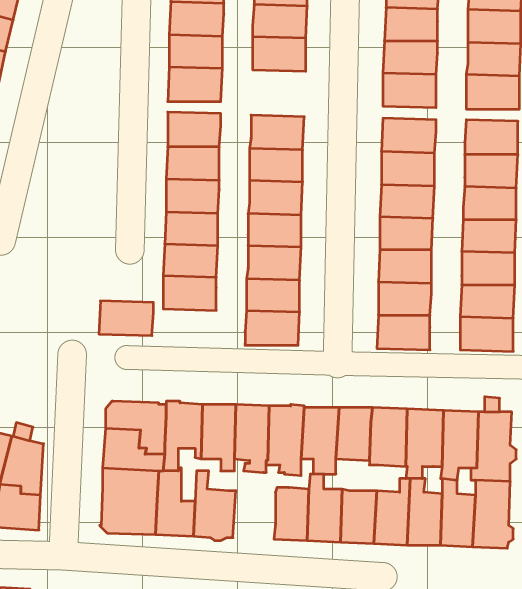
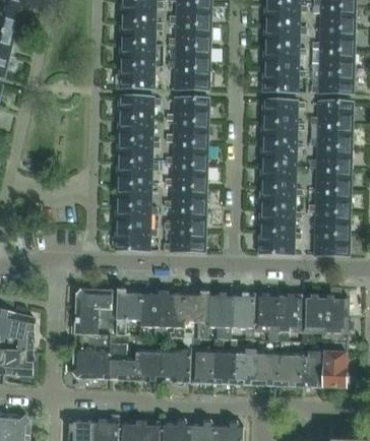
building: none -> [174,67,210,90]
building: [99,301,153,336] -> [114,228,150,251]
building: none -> [162,337,191,384]

